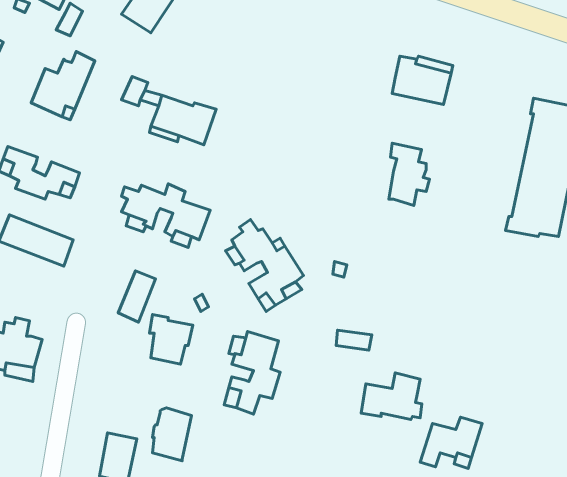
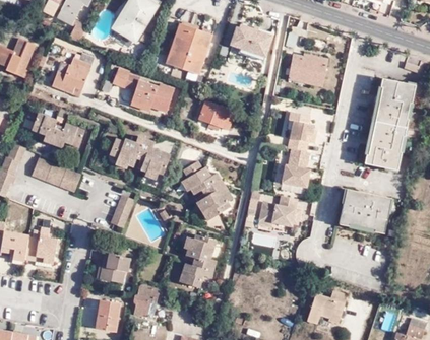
building: none -> [164,23,210,75]
building: none -> [231,25,271,56]
building: none -> [198,101,235,130]
building: none -> [281,148,307,186]
building: none -> [336,192,387,235]
building: [149,314,193,364] -> [102,251,130,283]
building: [361,373,422,419] -> [258,195,298,225]

